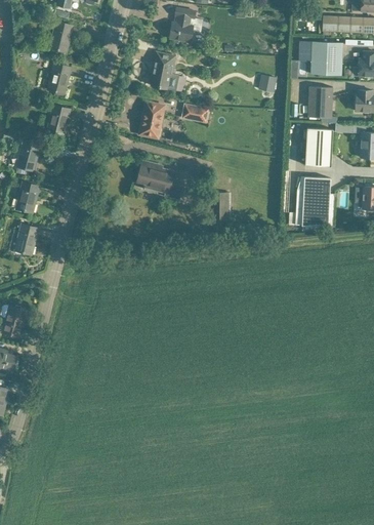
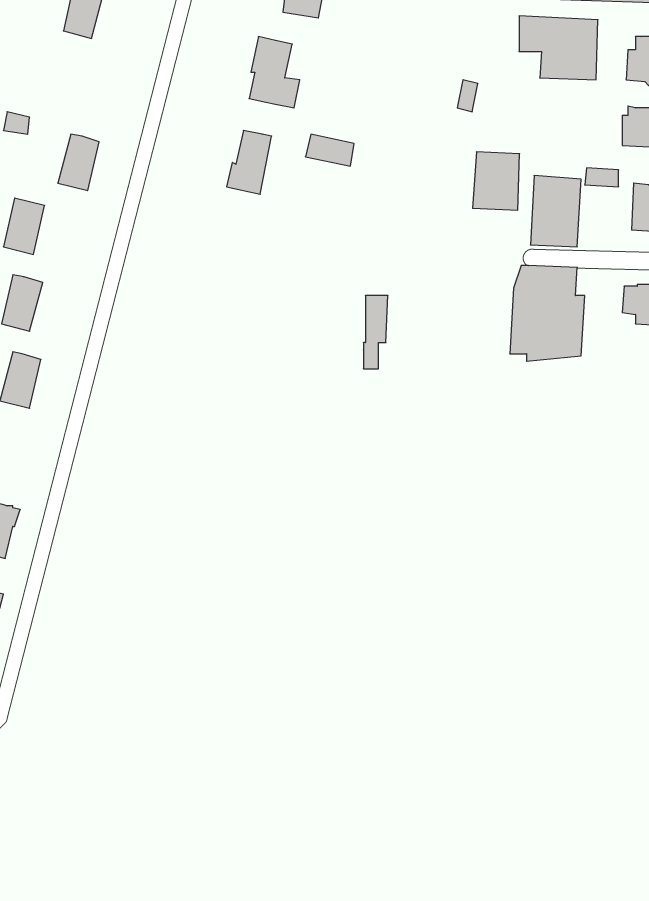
building: [48,63,71,93] -> none
building: [307,86,333,118] -> [473,152,520,210]
building: [137,161,181,199] -> none

